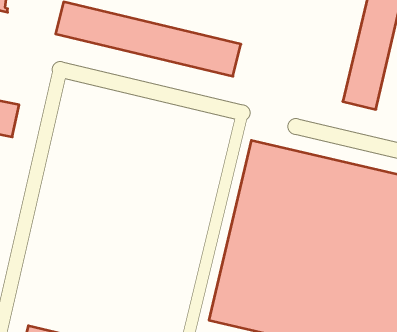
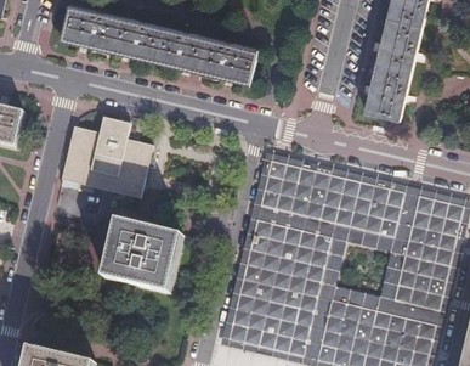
building: none -> [58,114,152,197]
building: none -> [103,220,183,294]

